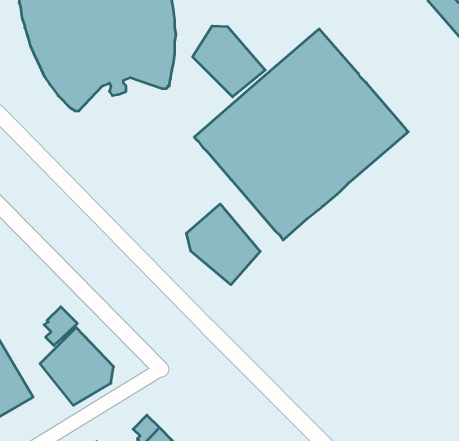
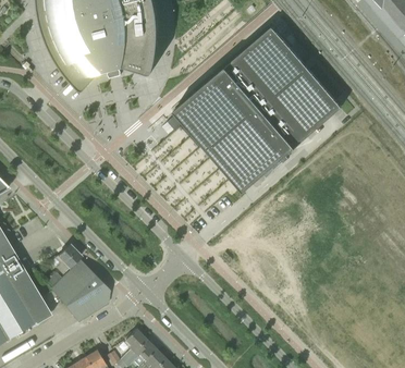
building: [193,26,265,97] -> none
building: [186,204,260,285] -> none

